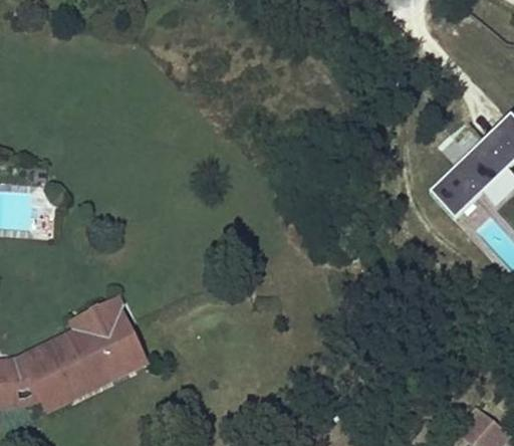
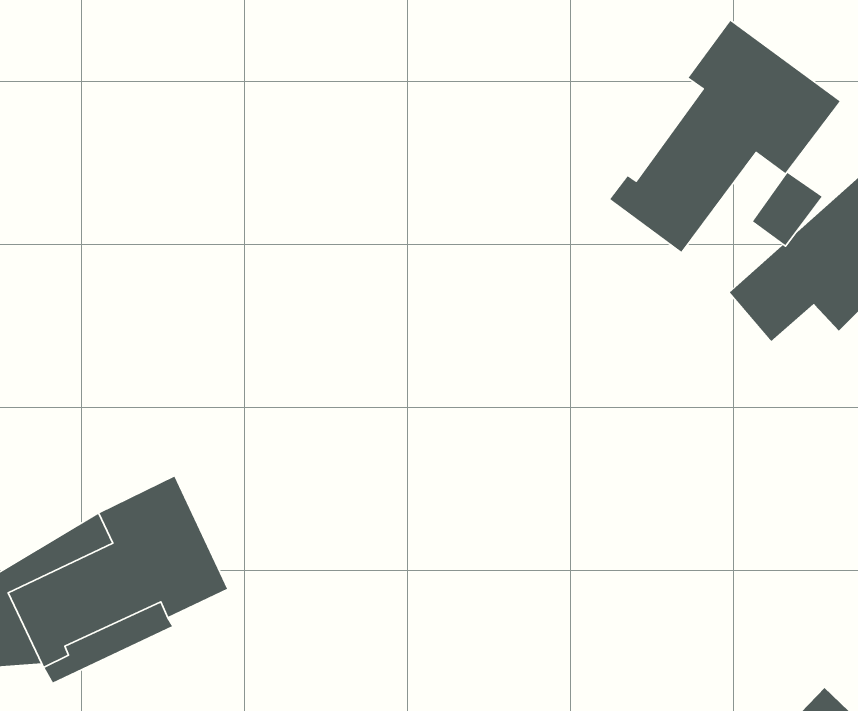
building: none -> [609,20,841,253]

